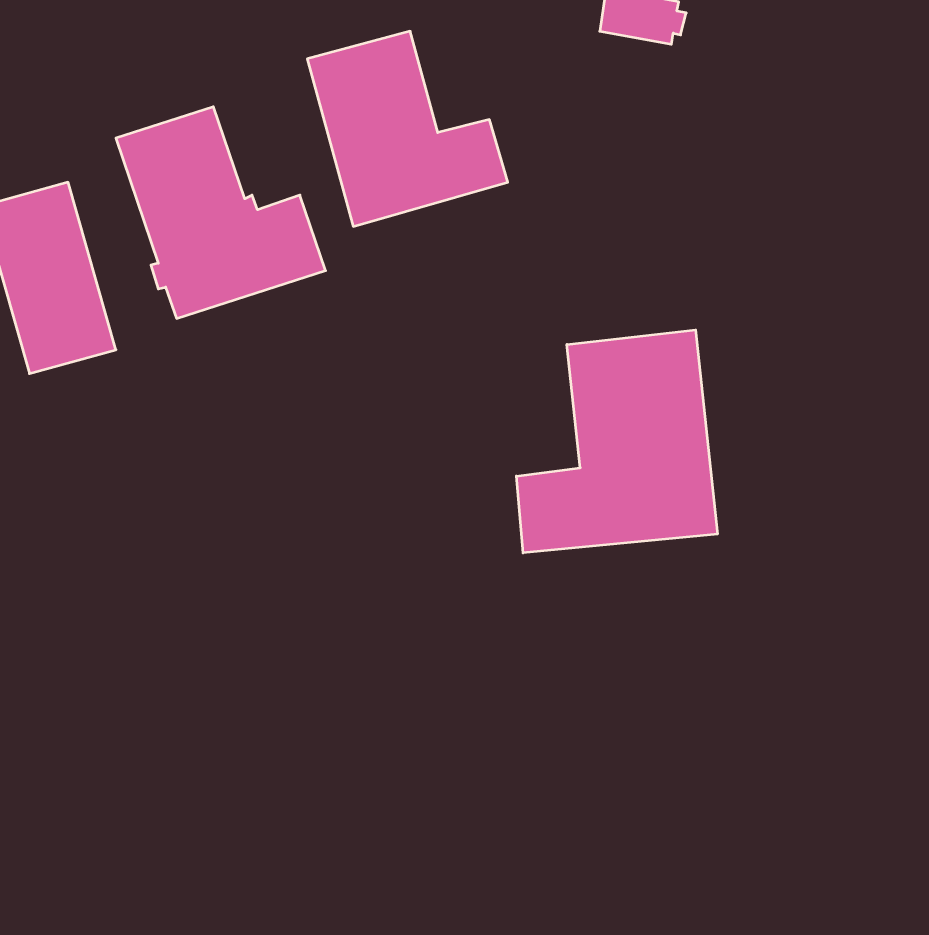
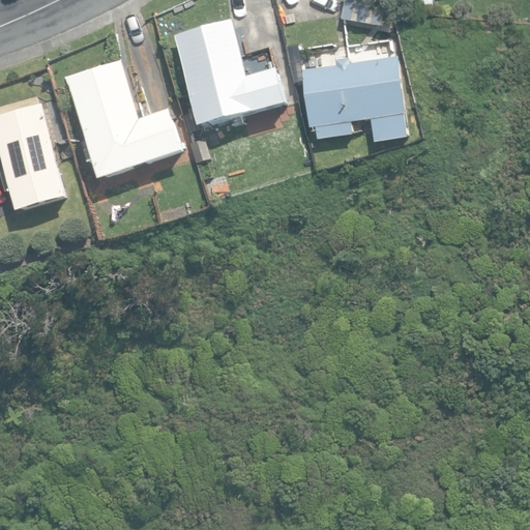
building: none -> [299,56,406,140]
building: [516,330,717,553] -> none

